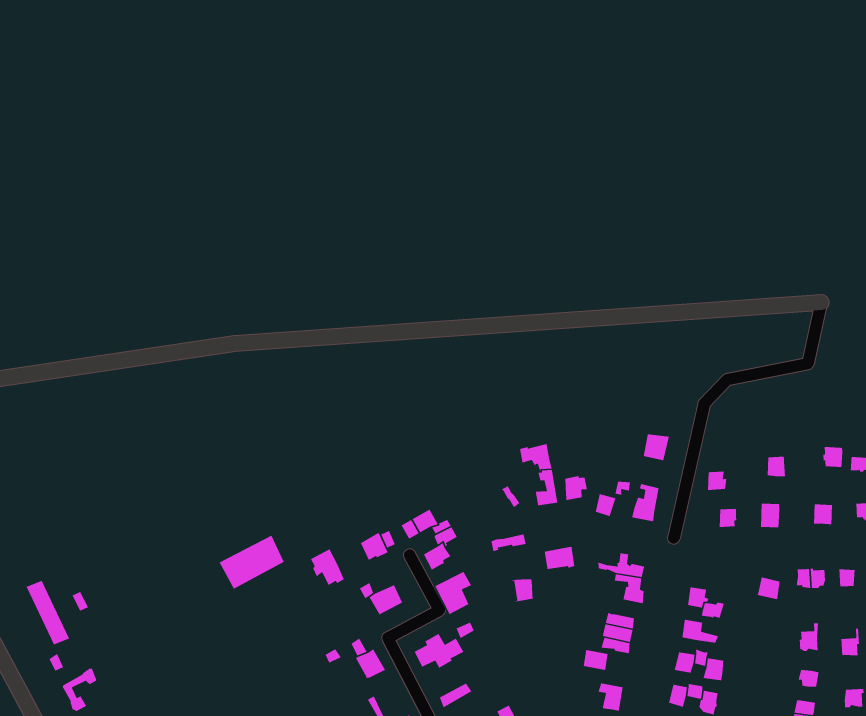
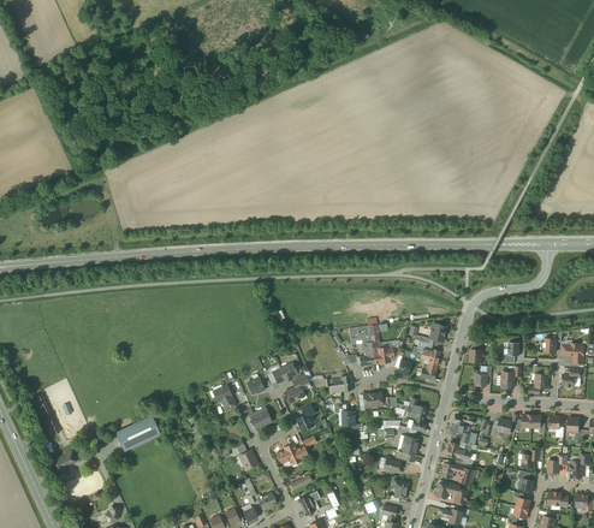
building: [219,535,285,590] -> [117,416,159,450]

